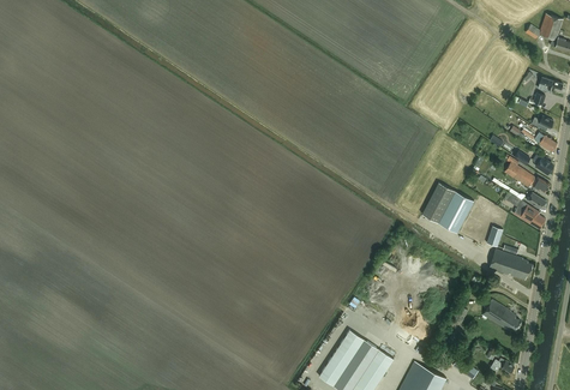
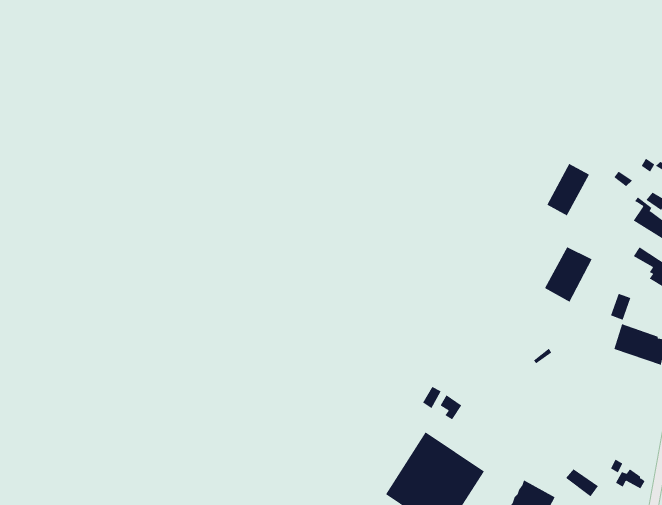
building: [421,182,454,222] -> [546,163,590,216]
building: [481,299,520,331] -> none

